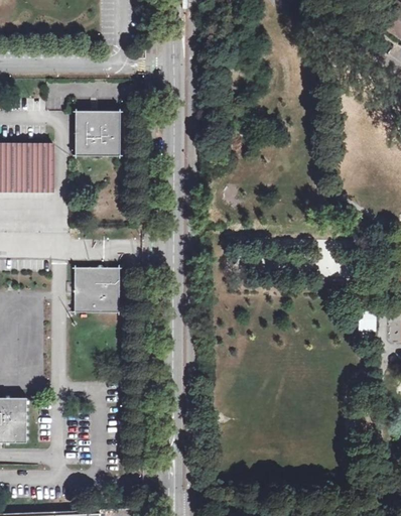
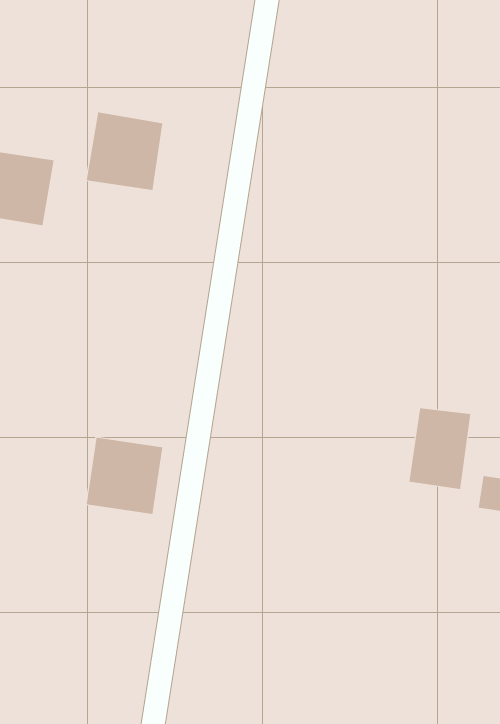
building: [75,268,119,312] -> [86,437,163,515]
building: none -> [409,408,471,490]

